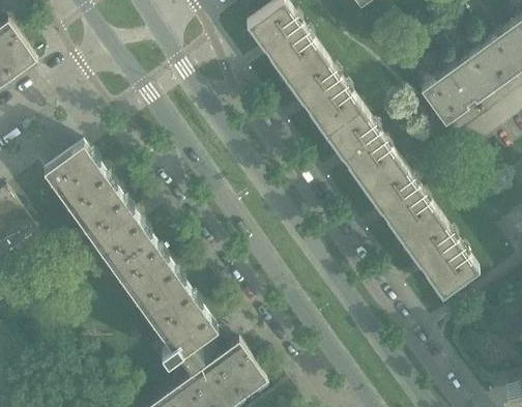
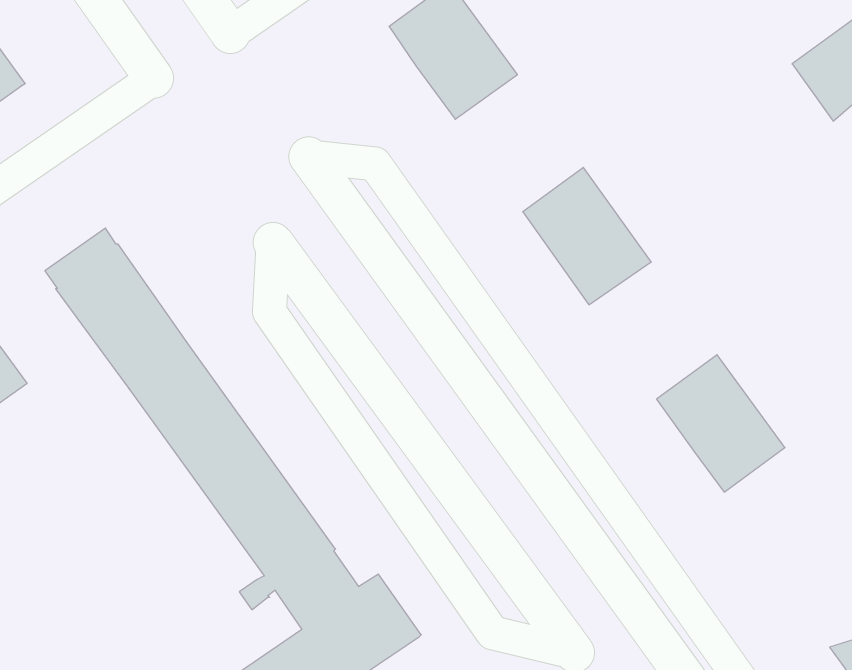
building: [419,49,504,125] -> none
building: [285,55,359,135] -> none
building: [363,164,437,243] -> none

